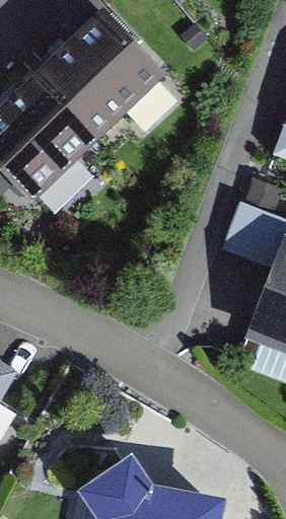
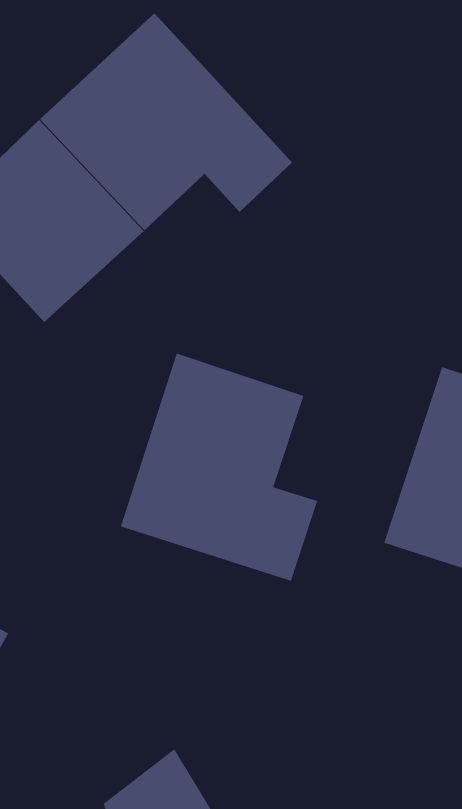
building: none -> [120,353,318,582]

